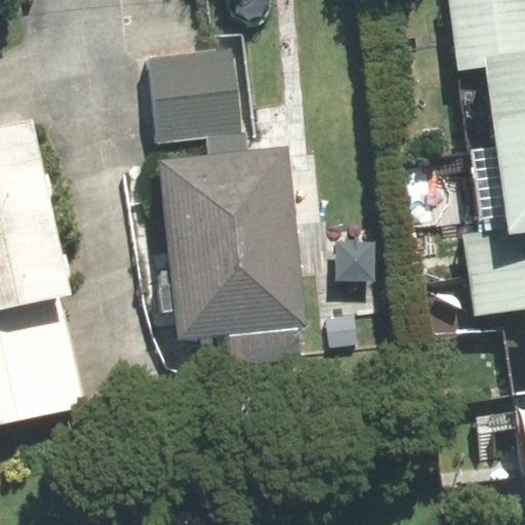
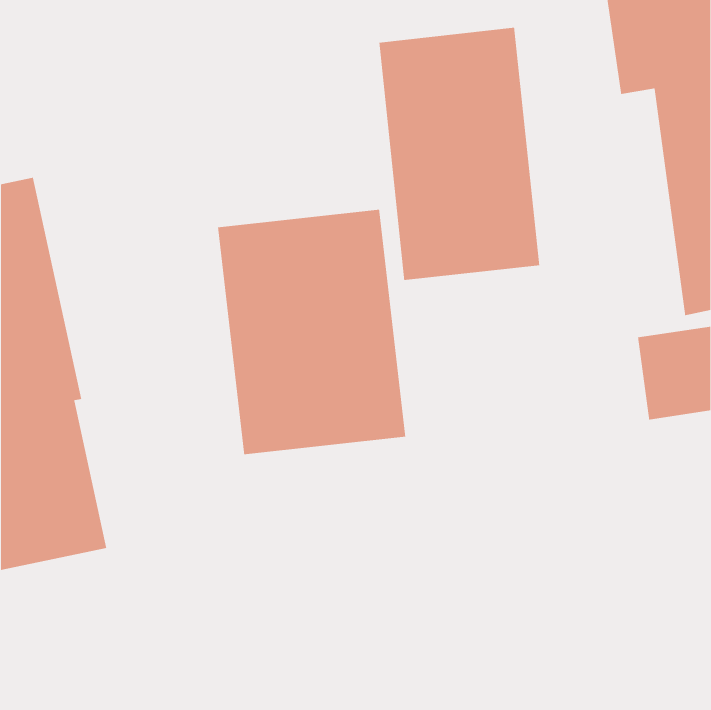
building: none -> [378,27,540,281]
building: [152,57,238,142] -> none

